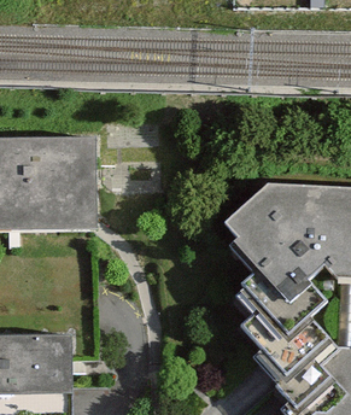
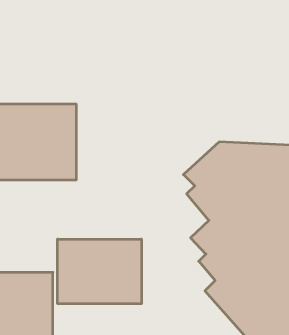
building: none -> [58,239,141,304]

